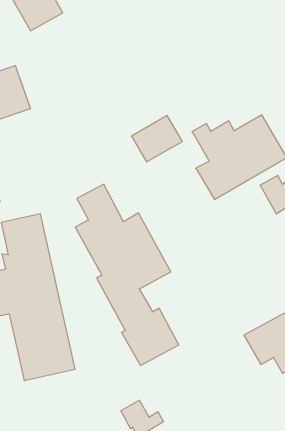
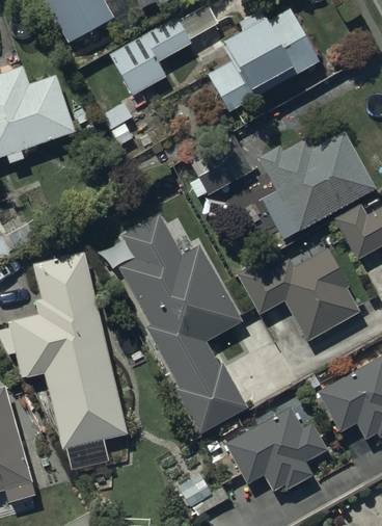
building: none -> [208,11,318,111]
building: none -> [110,19,189,94]
building: none -> [242,253,356,339]
building: none -> [228,413,322,489]

